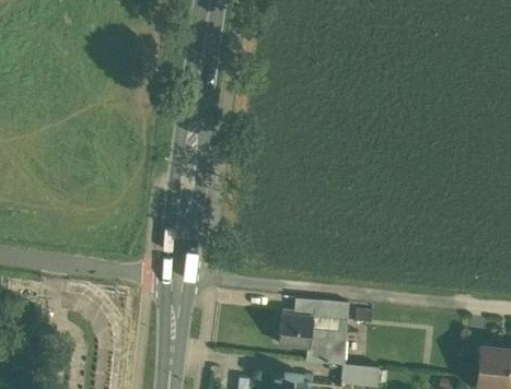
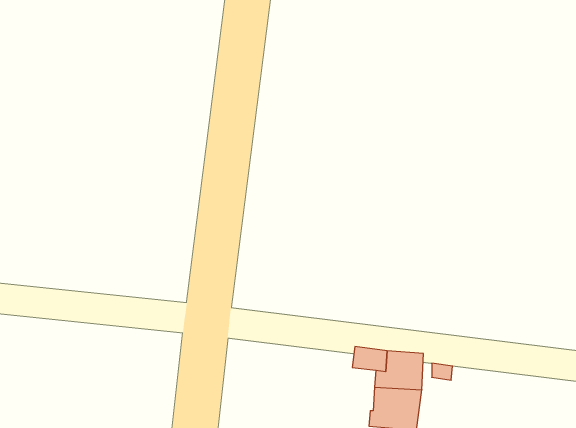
building: [278,314,312,349] -> none

